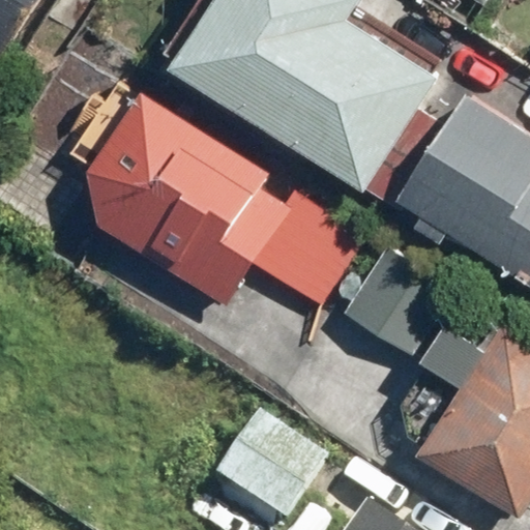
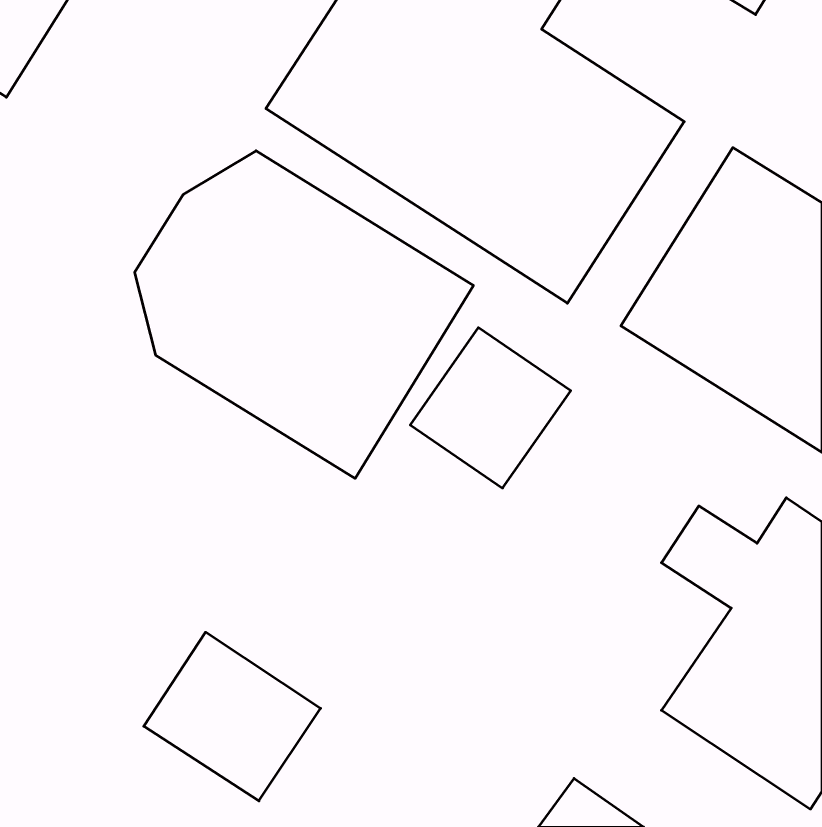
building: [341,245,451,354] -> none
building: [212,407,325,514] -> [144,632,321,801]

